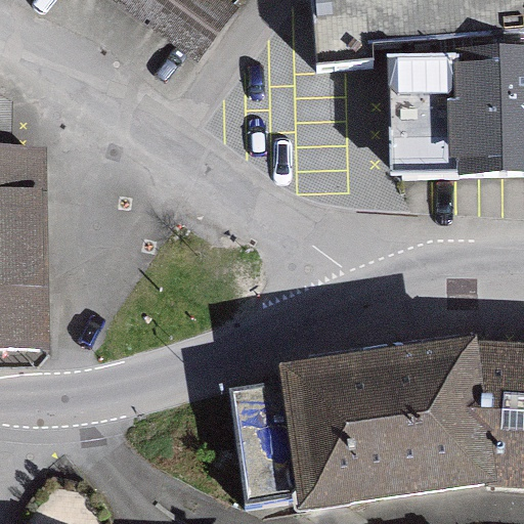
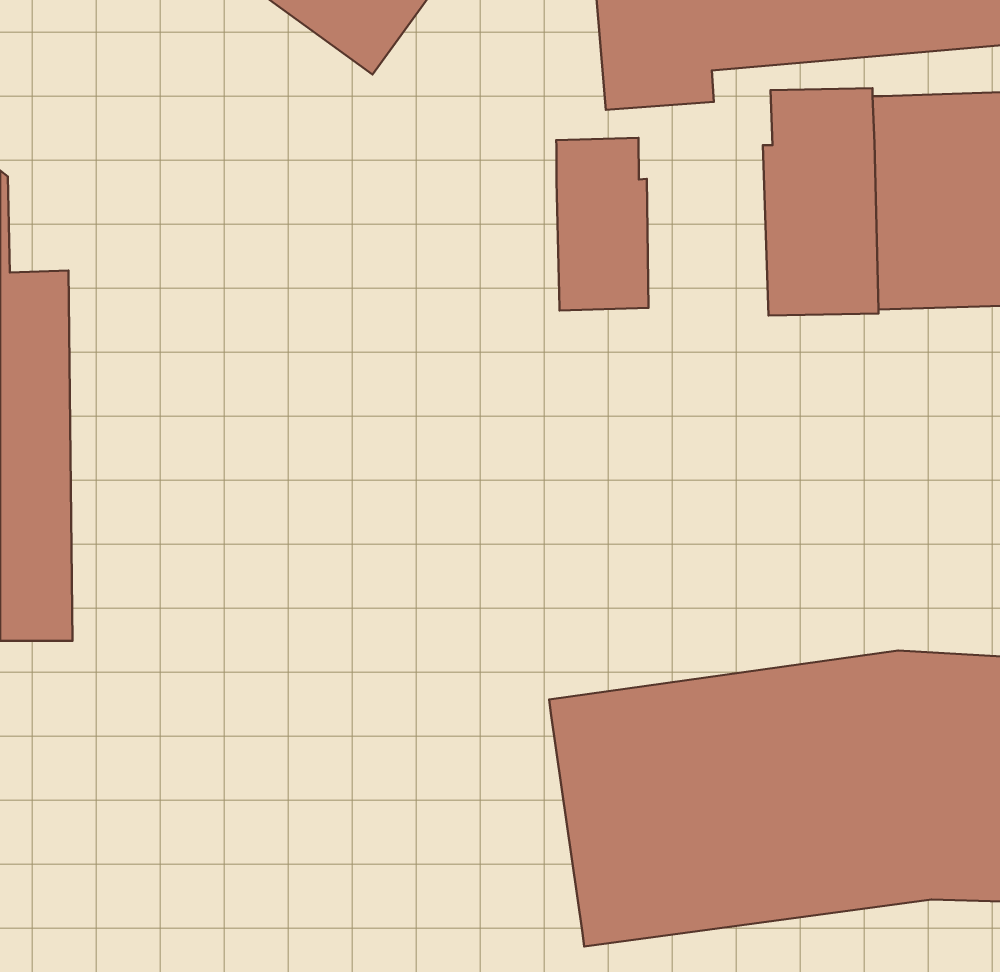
building: none -> [556,138,648,310]
building: [229,373,305,495] -> none

